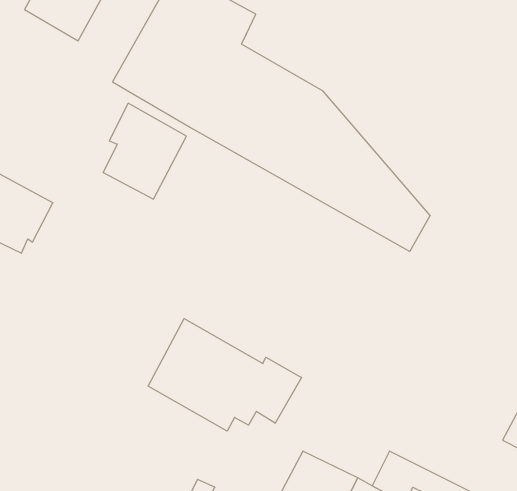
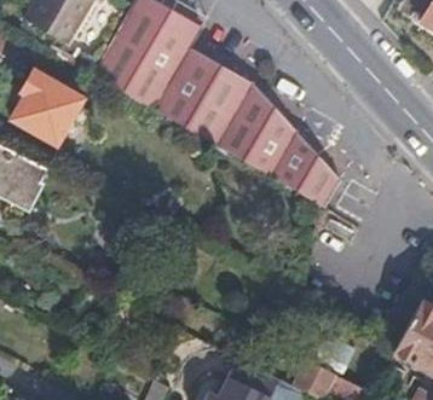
building: [103,103,186,199] -> [16,66,80,140]
building: [148,319,302,431] -> none

